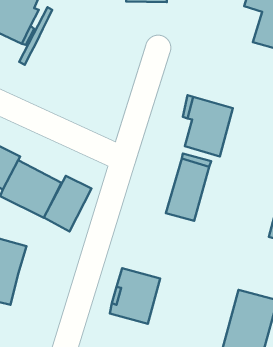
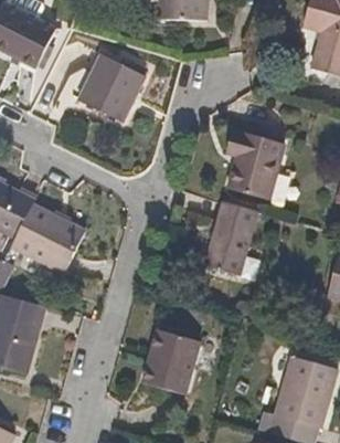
building: none -> [78,54,146,123]
building: [44,176,92,232] -> none

